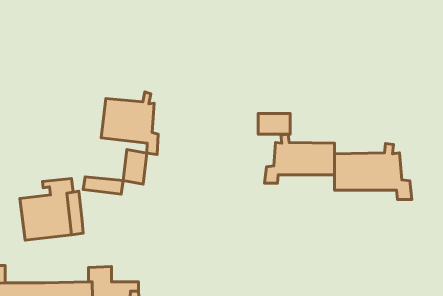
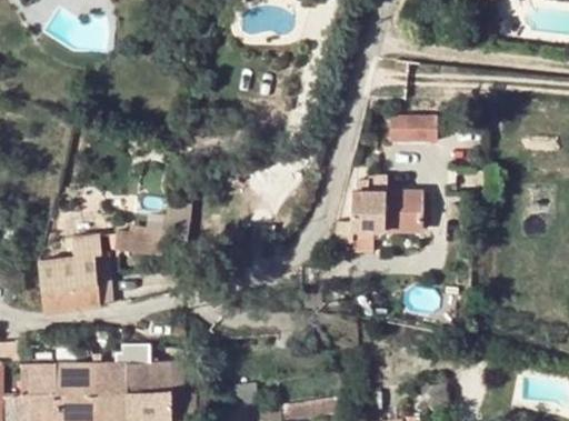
building: [101,92,158,154] -> none
building: [258,113,290,134] -> [390,118,429,143]
building: [335,143,412,200] -> none

